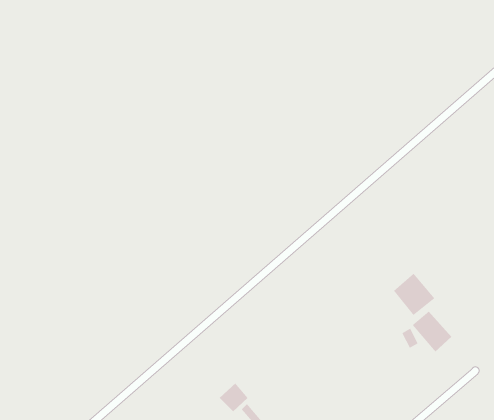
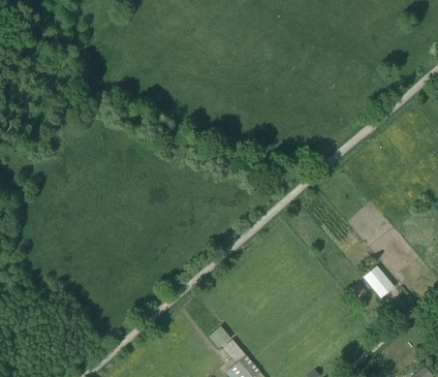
building: [393,273,435,316] -> none

